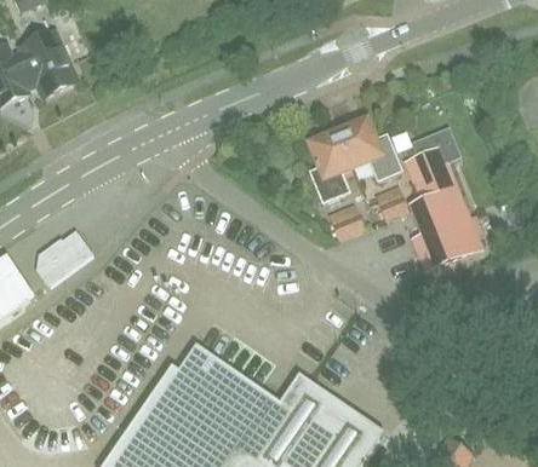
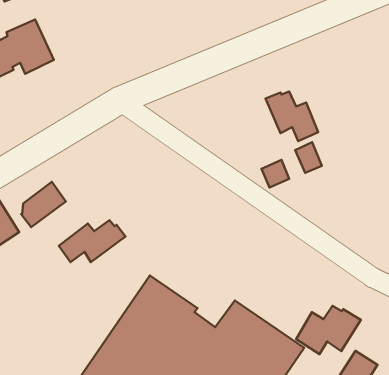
building: [307,127,354,201] -> none
building: [402,145,481,263] -> none
building: none -> [59,220,126,262]
building: none -> [296,306,361,354]

